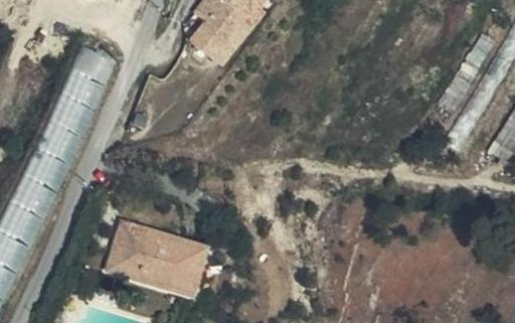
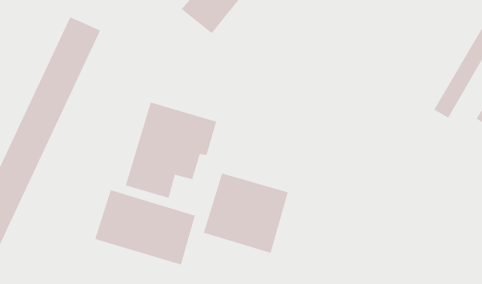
building: none -> [125,101,217,199]
building: none -> [203,172,289,254]

